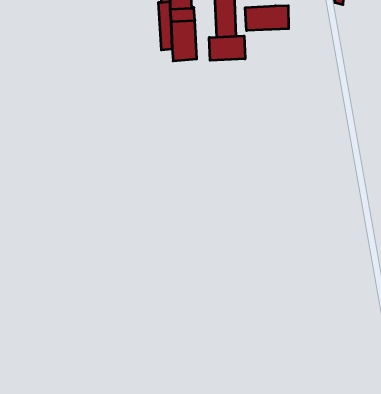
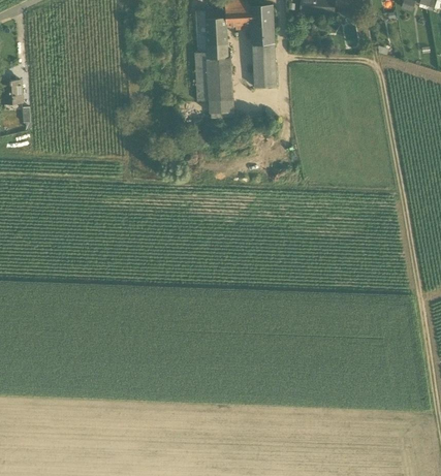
building: [245,6,289,31] -> none
building: [209,36,245,60] -> none

